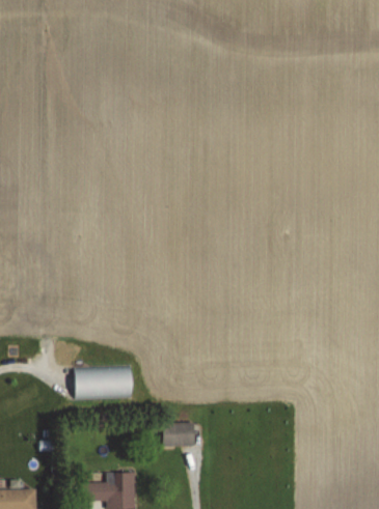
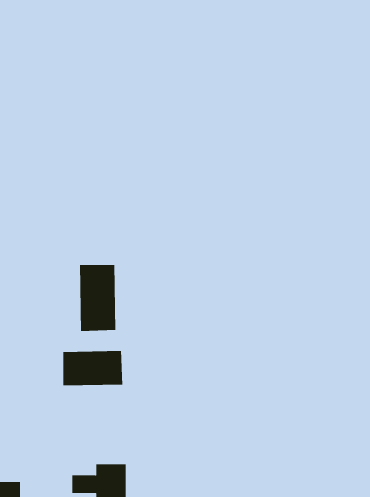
building: none -> [79,264,116,332]
building: [163,424,194,446] -> none

